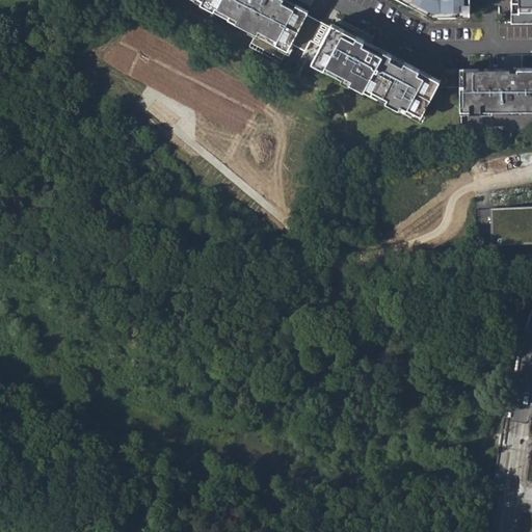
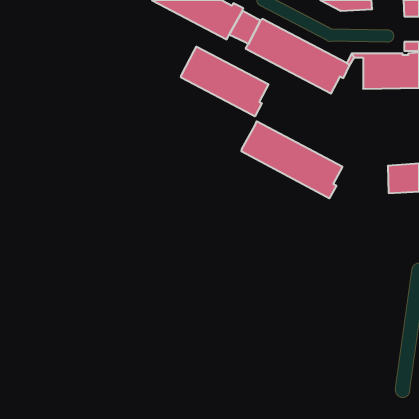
building: none -> [181,47,268,116]
building: none -> [242,121,342,198]

